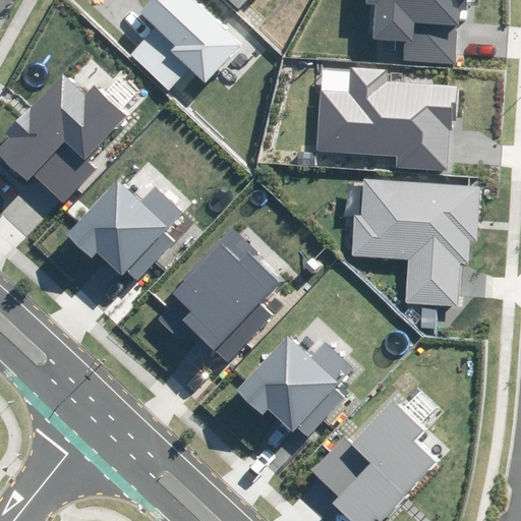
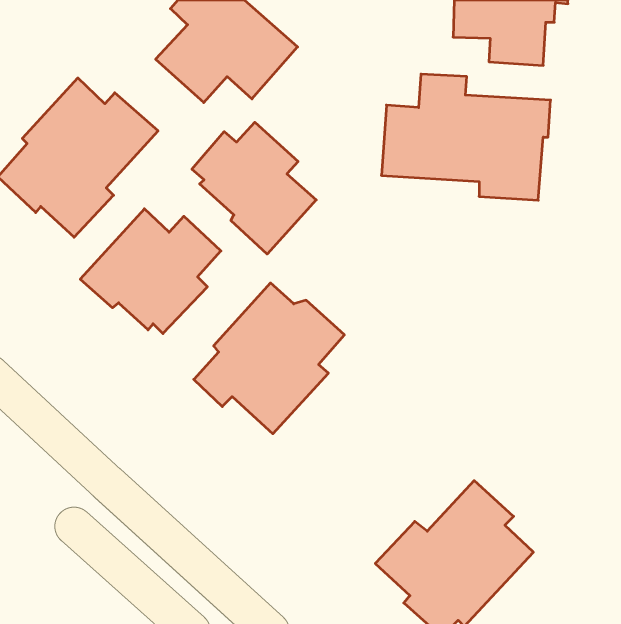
building: none -> [192,122,316,254]
building: [349,179,477,306] -> none
building: [238,335,356,438] -> none

